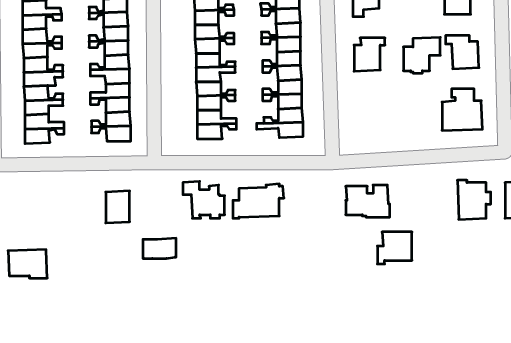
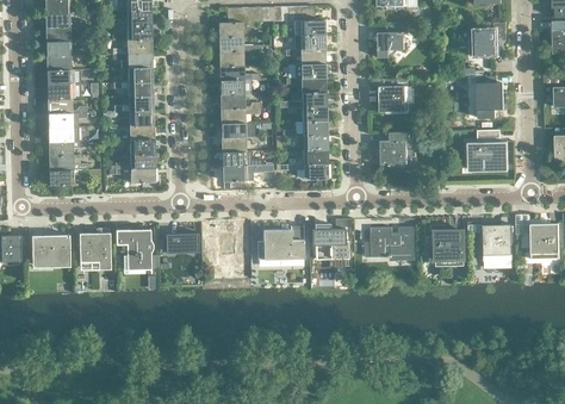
building: [403,37,440,73] -> [380,132,417,168]
building: none -> [312,225,348,260]
building: none -> [87,231,112,267]
building: [377,232,412,264] -> [429,231,464,263]
building: [143,238,176,258] -> [166,234,199,254]
building: [8,250,47,278] -> [31,236,70,265]

